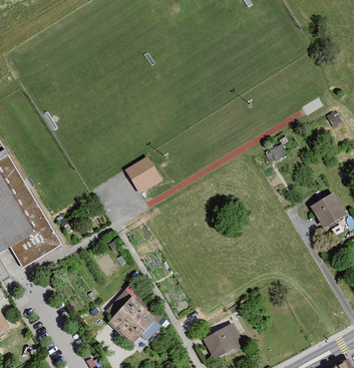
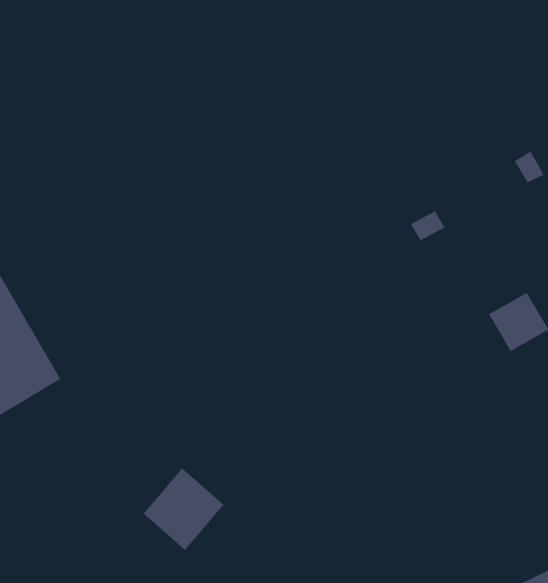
building: [125,155,161,193] -> none
building: [204,324,243,359] -> none

